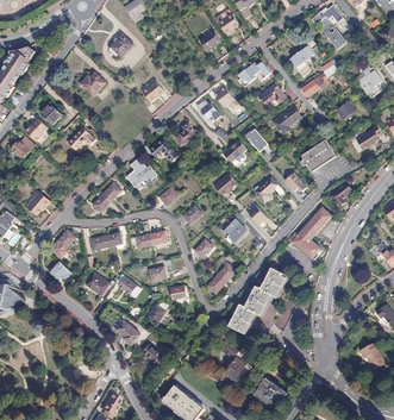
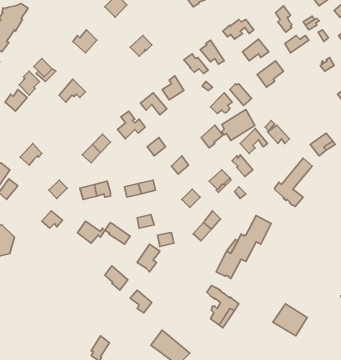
building: [301,139,336,171] -> [222,110,255,141]
building: [251,376,287,409] -> [273,304,307,336]

